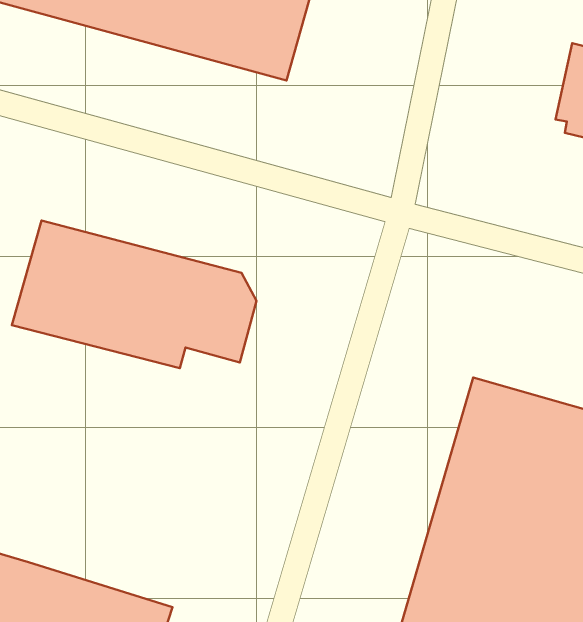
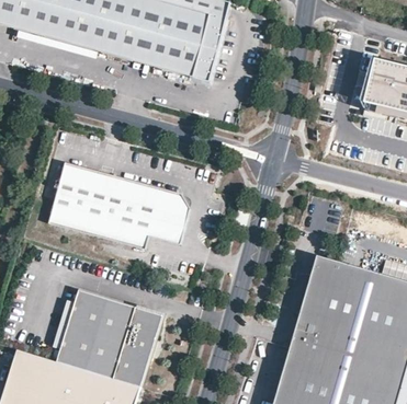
building: none -> [55,290,161,389]

